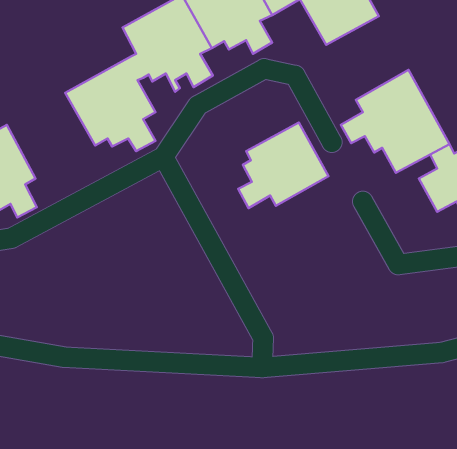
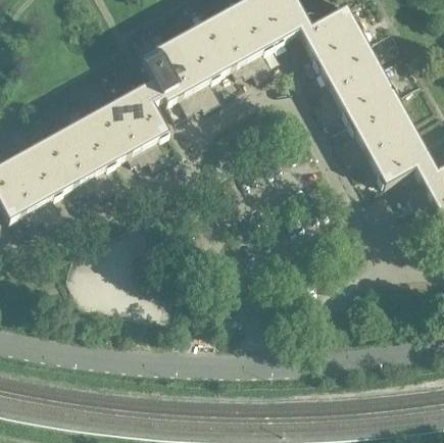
building: none -> [37,113,116,195]
building: [238,122,328,208] -> [314,45,395,121]

